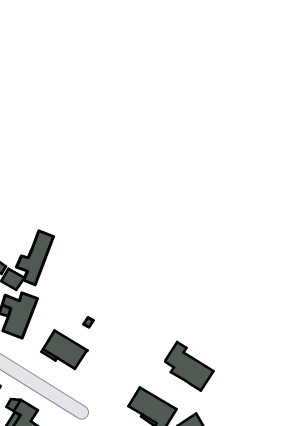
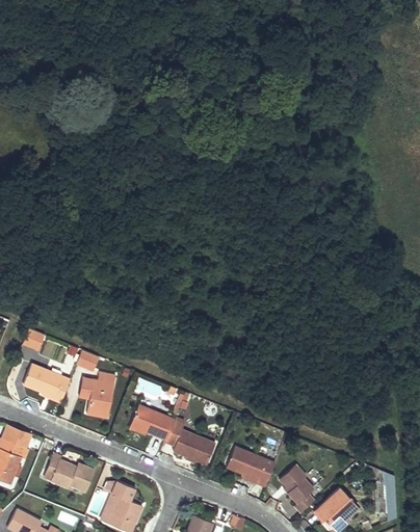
building: [16,231,54,285] -> none
building: [165,342,213,391] -> [165,420,215,464]

